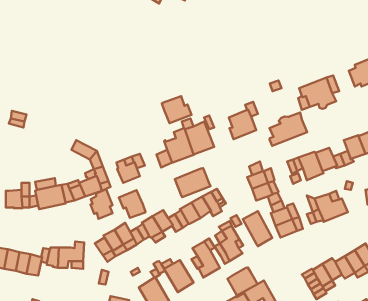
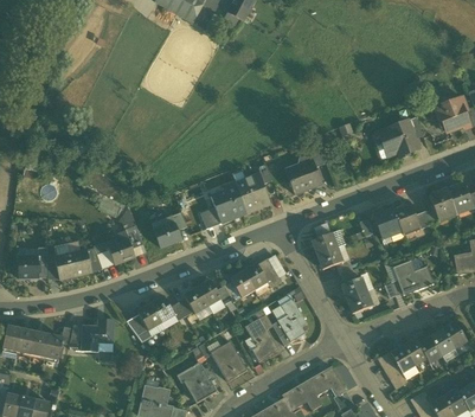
building: [162,96,192,123] -> none
building: [269,112,307,146] -> none
building: [175,168,210,197] -> none
building: [91,189,112,219] -> none
building: [119,190,146,218] -> none
building: [243,211,272,246] -> none
building: [227,267,257,296] -> none

